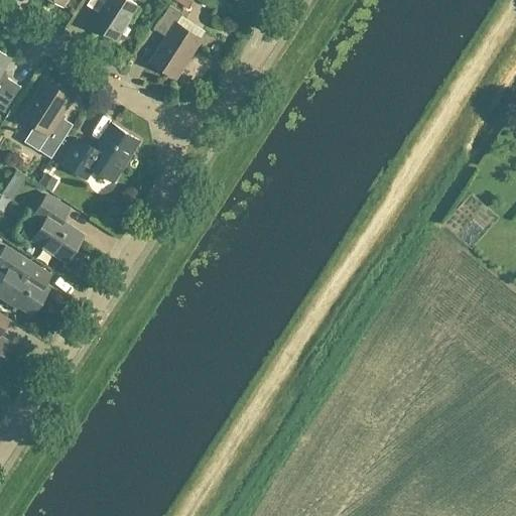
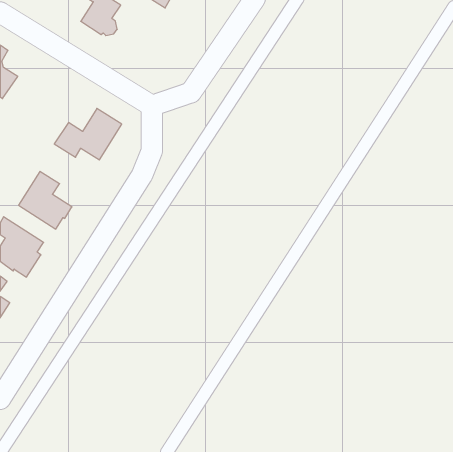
building: [151,5,202,79] -> none
building: [22,81,74,158] -> none

